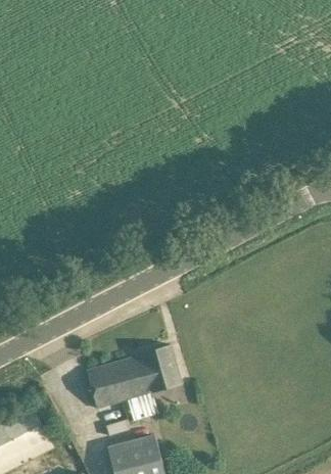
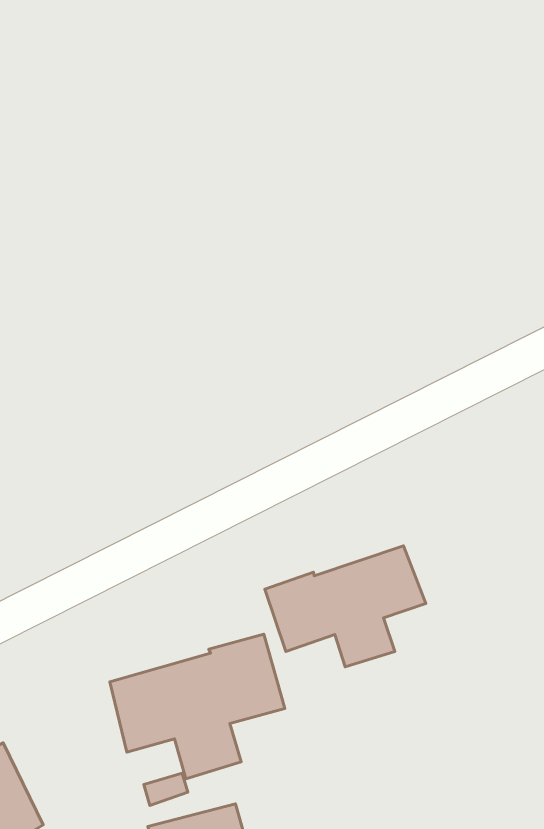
building: none -> [265,546,426,667]

